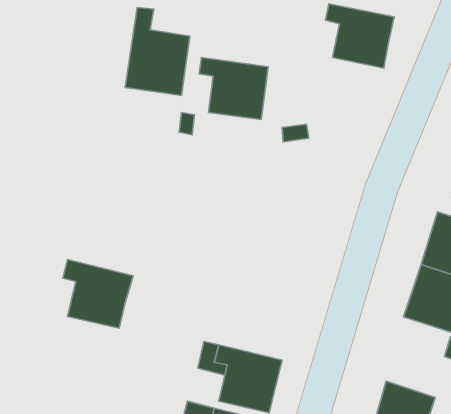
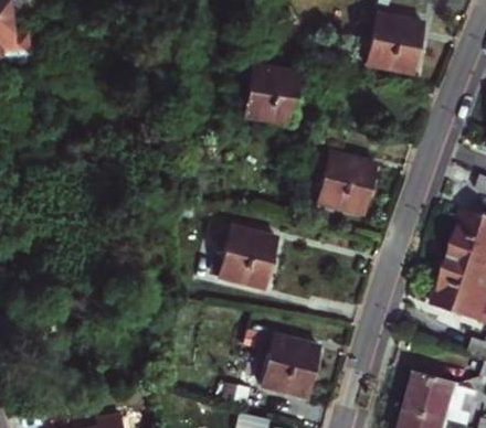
building: [125,8,190,95] -> none
building: none -> [313,146,377,212]
building: [63,259,133,328] -> [212,222,278,287]

